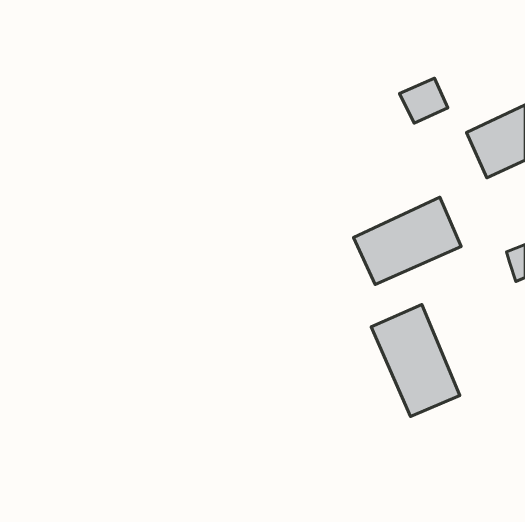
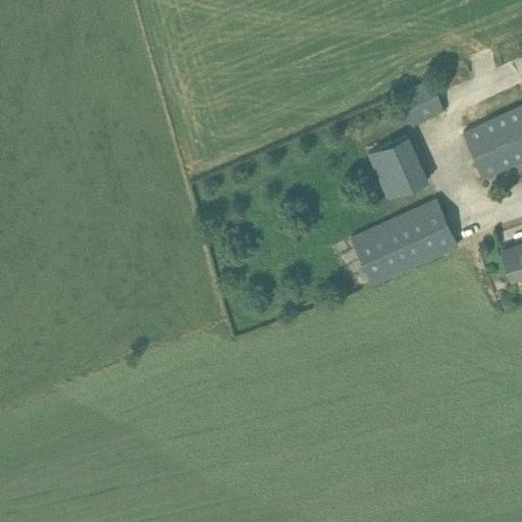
building: none -> [367,137,427,200]
building: [371,304,460,417] -> none

